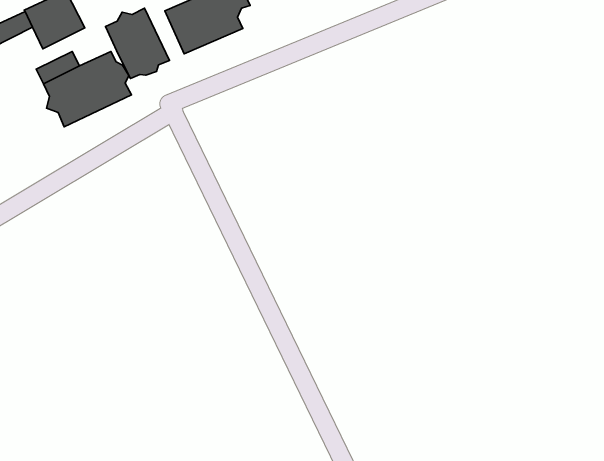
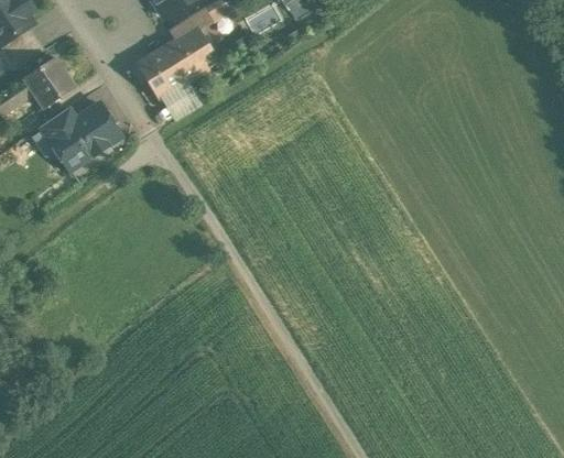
building: [106,8,169,79] -> none

